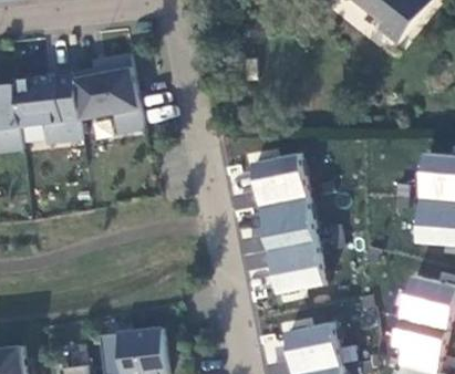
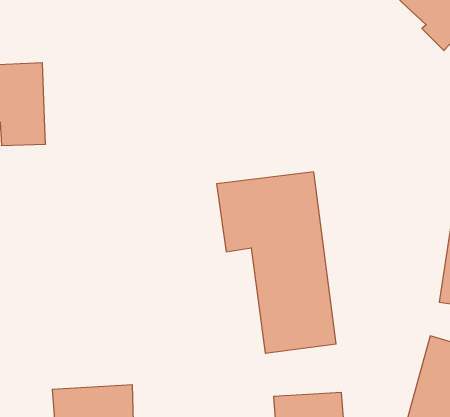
building: [75,54,145,133] -> none

